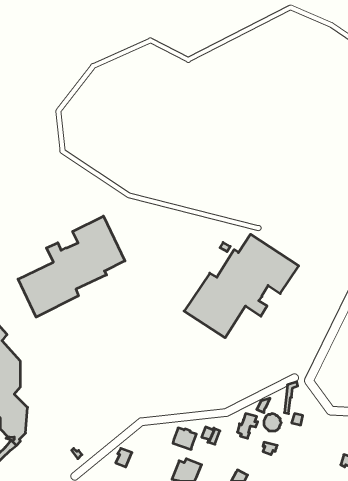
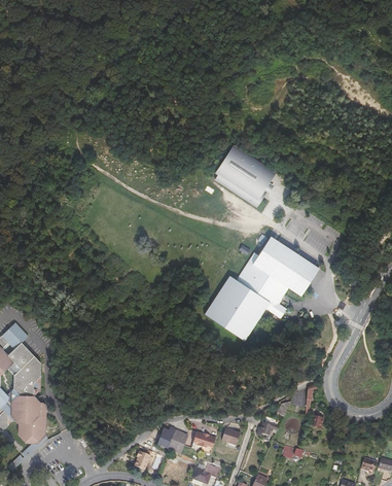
building: none -> [214,144,276,207]
building: [18,216,125,317] -> none
building: none -> [157,427,188,453]

